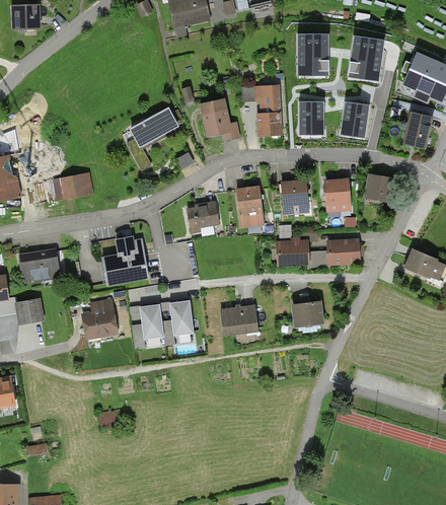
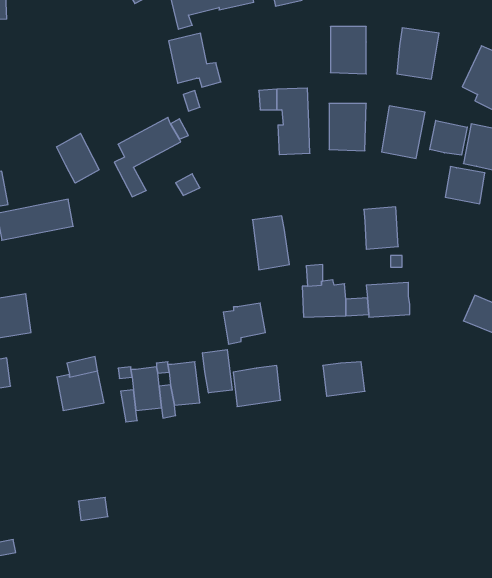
building: [199,98,240,141] -> [169,33,221,87]
building: none -> [430,120,467,155]
building: none -> [57,133,99,183]
building: [363,173,394,203] -> [445,167,485,204]
building: [280,178,308,215] -> none
building: [185,201,219,233] -> [223,303,265,344]
building: [100,236,149,286] -> none
building: none -> [203,350,232,393]

